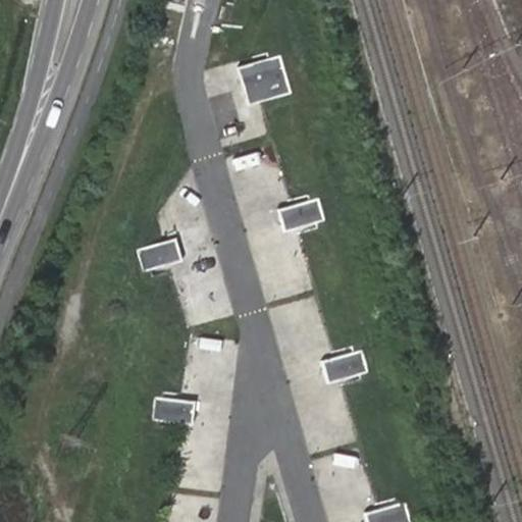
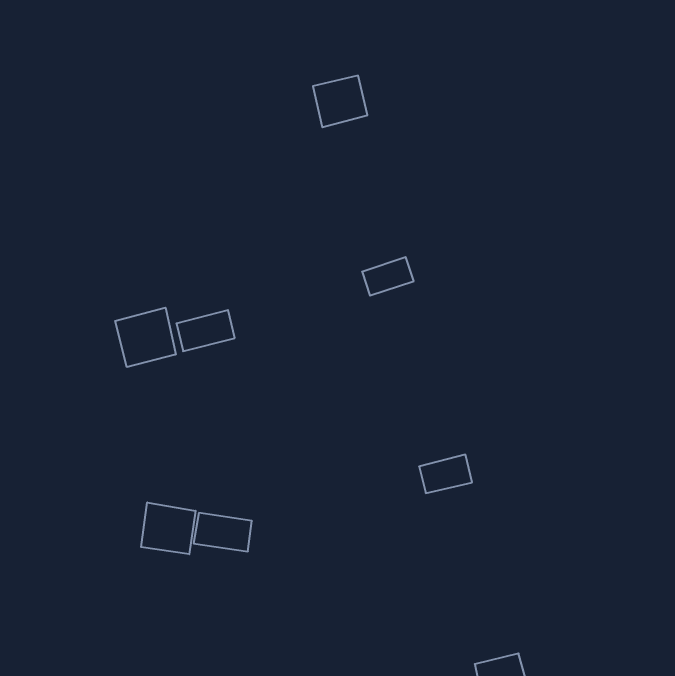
building: none -> [115,308,176,367]
building: none -> [141,502,196,554]

